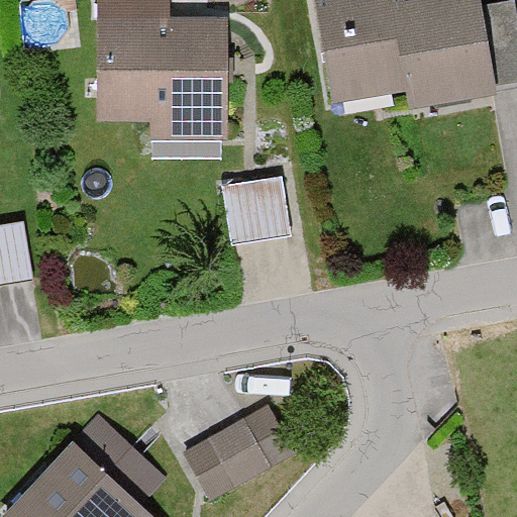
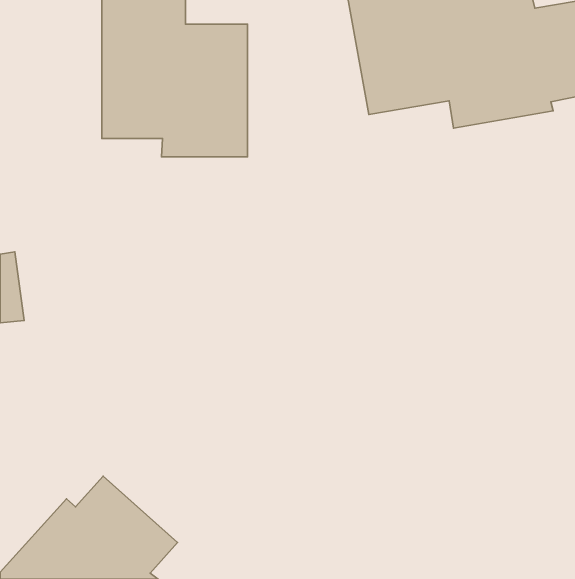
building: [224,177,292,245] -> none
building: [182,416,268,499] -> none

